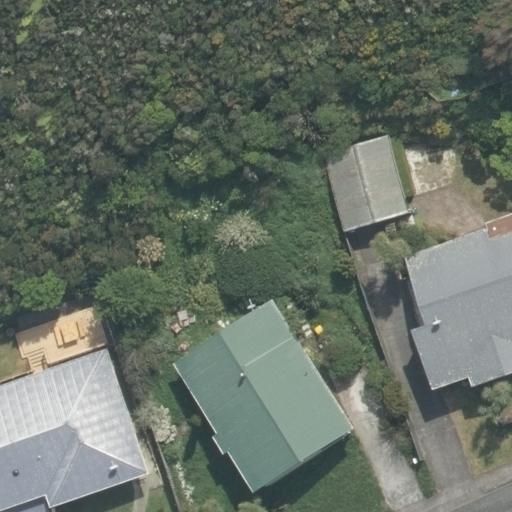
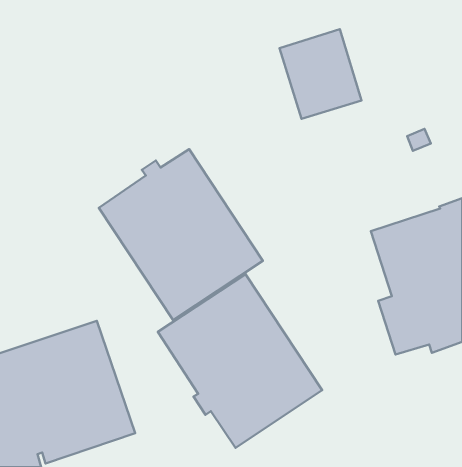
building: [320,135,410,233] -> [279,29,362,119]
building: none -> [99,149,263,320]

